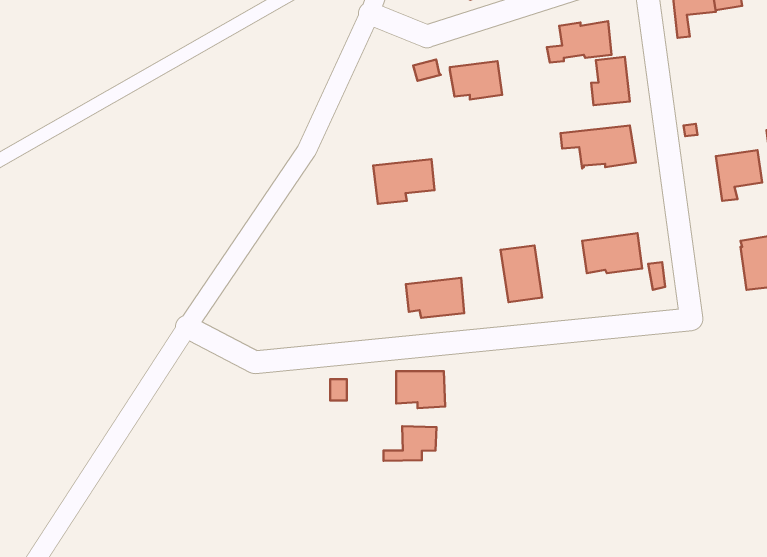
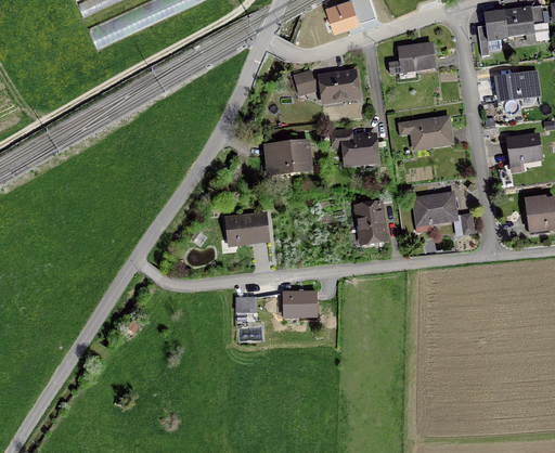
building: [591,57,630,105] -> none
building: none -> [496,74,538,100]
building: none -> [333,130,376,164]
building: [406,278,464,318] -> [228,215,269,243]
building: [384,426,437,461] -> none

